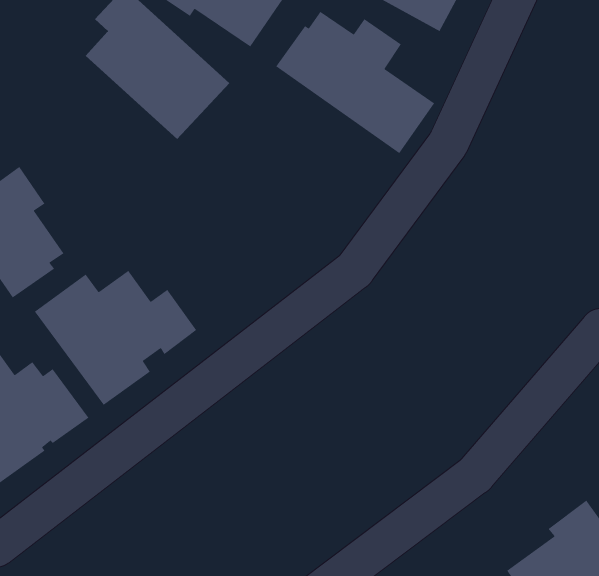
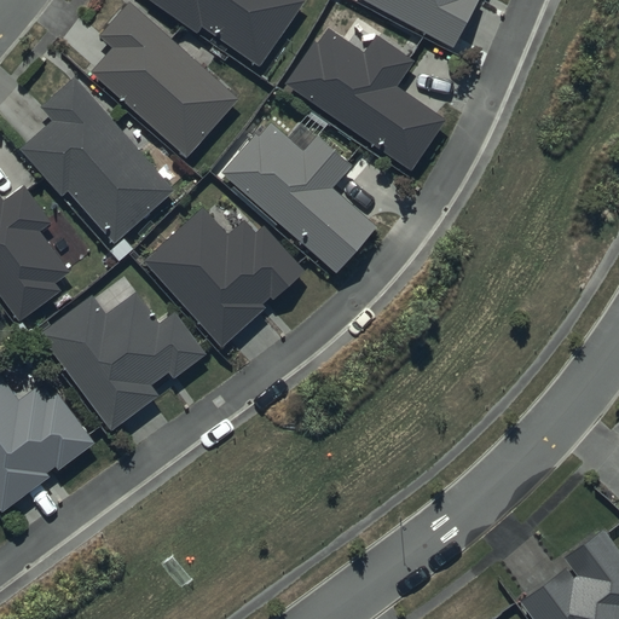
building: none -> [18,75,175,244]
building: none -> [221,123,377,273]
building: none -> [144,208,306,348]

